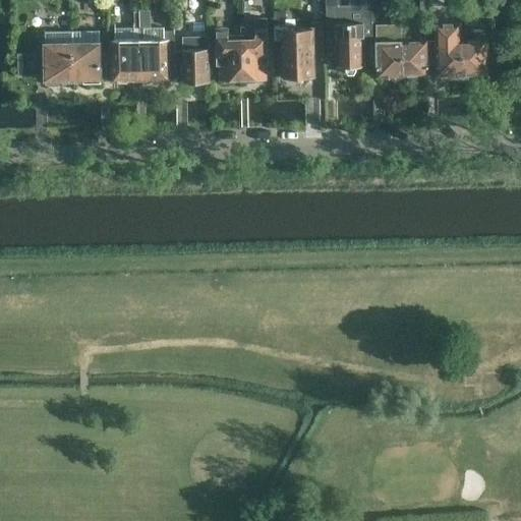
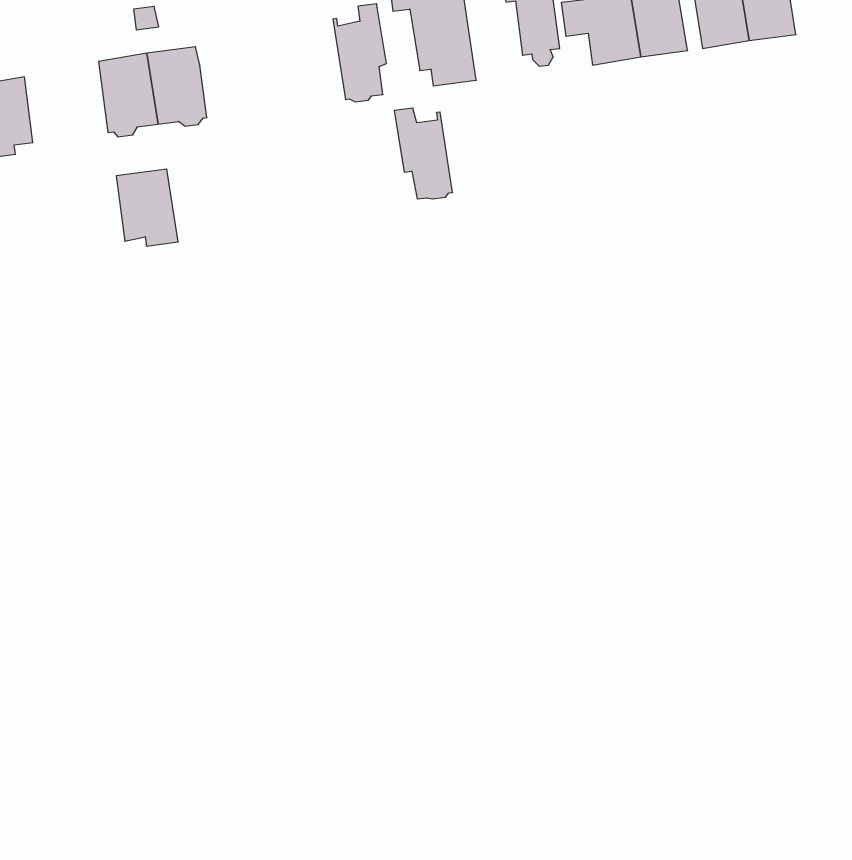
building: [217,30,242,79] -> [394,108,453,199]
building: [182,35,210,80] -> none
building: [72,43,101,82] -> [116,169,178,246]

